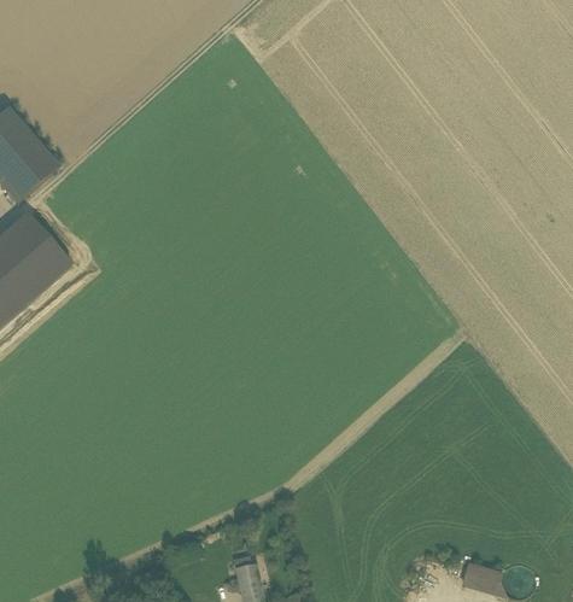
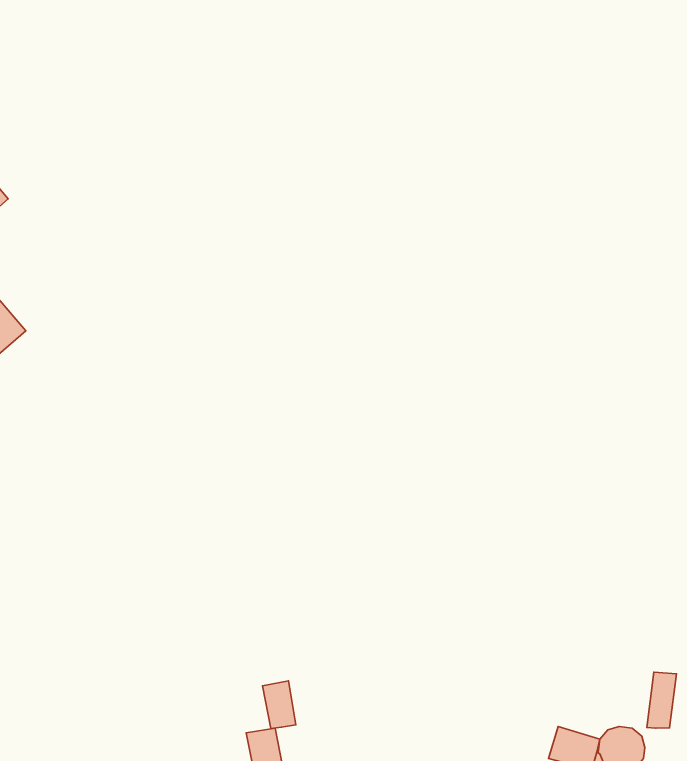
building: none -> [647,672,677,728]
building: none -> [262,681,296,729]

